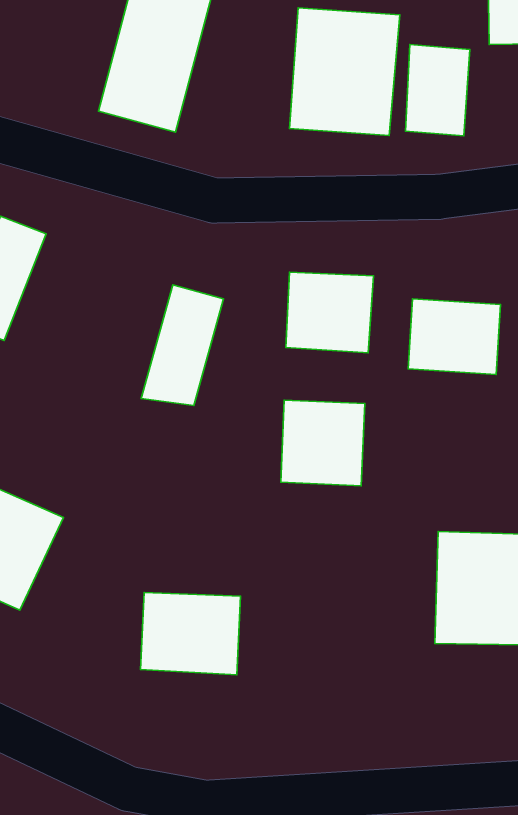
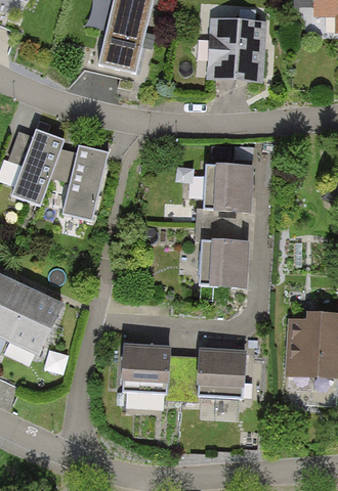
building: [406,44,470,136] -> none
building: [141,285,224,406] -> [55,143,103,214]
building: [408,299,501,375] -> none
building: none -> [194,348,249,399]

